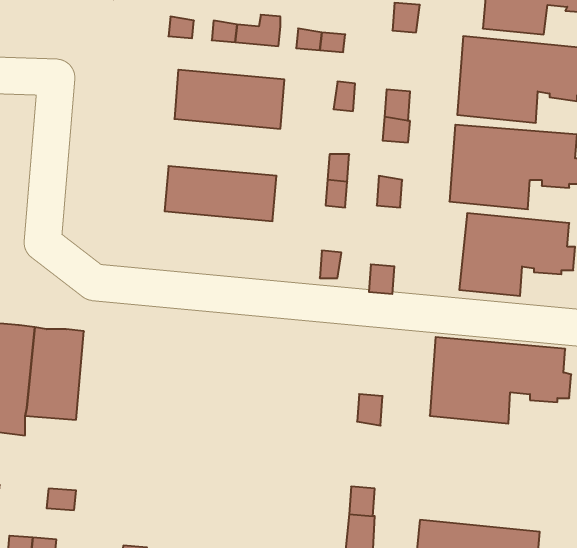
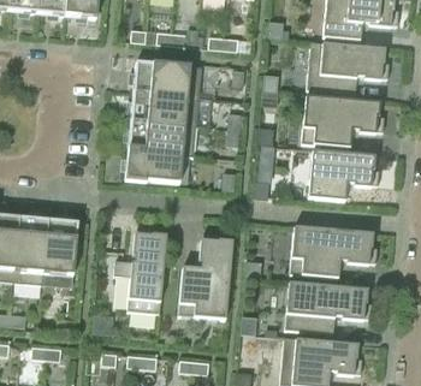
building: none -> [130,91,198,126]
building: none -> [125,148,194,184]
building: none -> [113,226,166,313]
building: none -> [178,232,232,319]
building: none -> [285,281,372,333]

